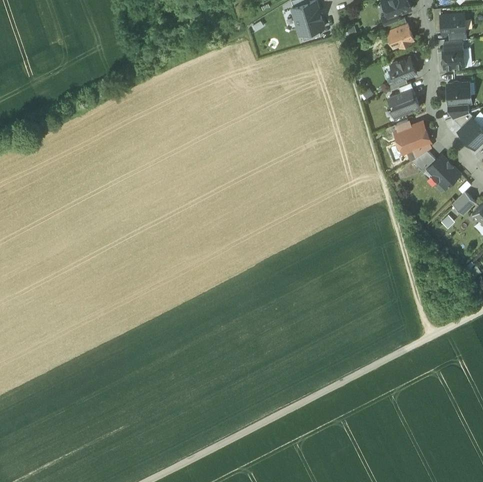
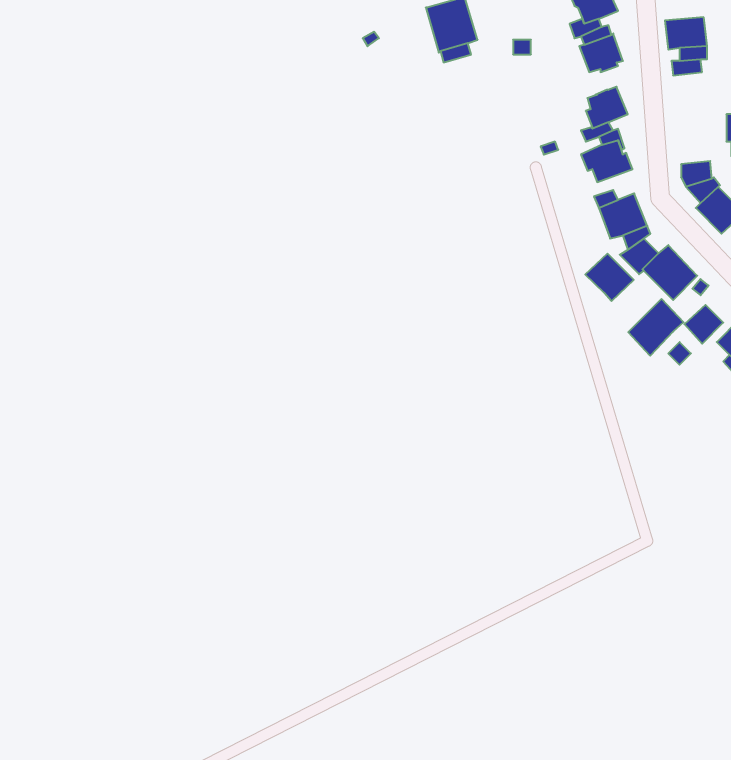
building: [443,48,464,69] -> none
building: [446,82,471,105] -> none
building: none -> [585,254,634,301]
building: none -> [628,299,684,356]

